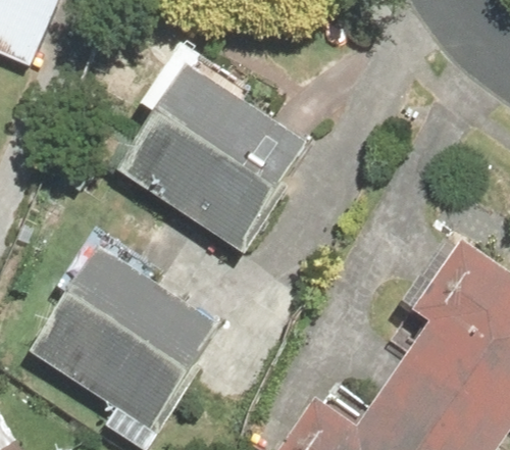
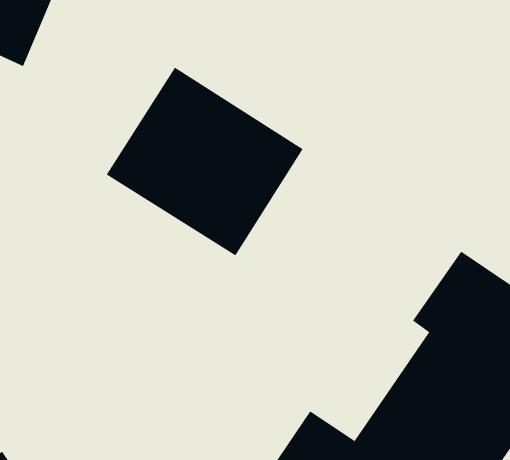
building: [30,249,216,428] -> none

